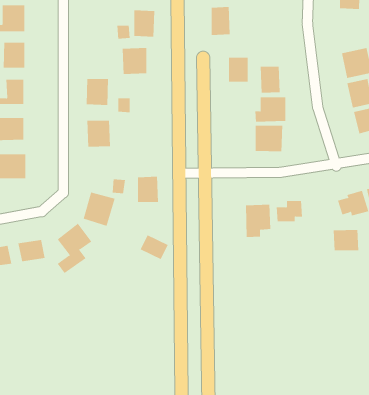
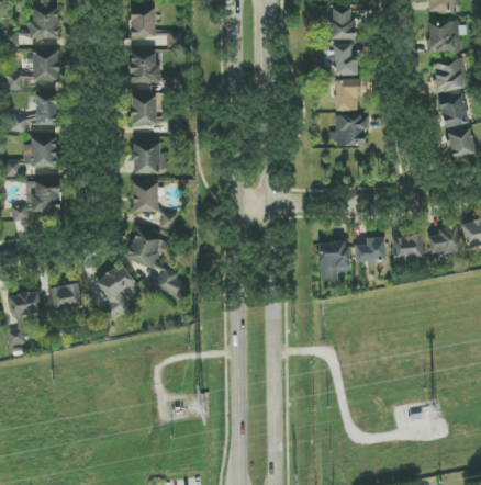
building: [211,7,230,35] -> [329,5,353,40]
building: [134,10,155,37] -> [130,5,155,37]
building: none -> [426,20,457,52]
building: [122,48,147,75] -> [128,52,158,83]
building: [228,57,249,82] -> [333,45,357,75]
building: [255,125,283,152] -> none
building: [137,176,159,202] -> [133,181,158,212]
building: [333,229,359,251] -> [391,235,422,260]
building: [140,235,169,260] -> [155,269,189,298]

